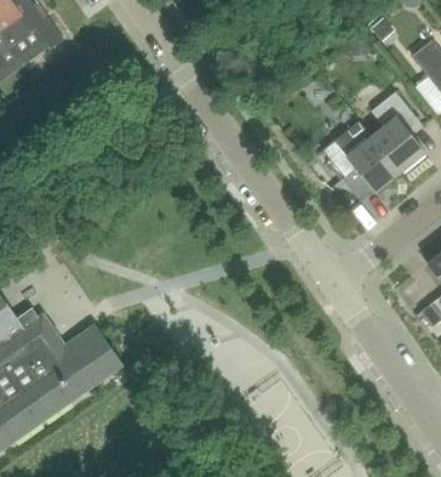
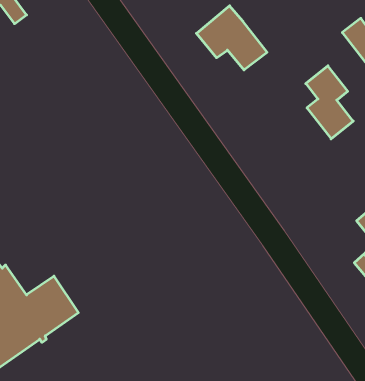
building: [322,125,400,195] -> [196,6,267,70]

